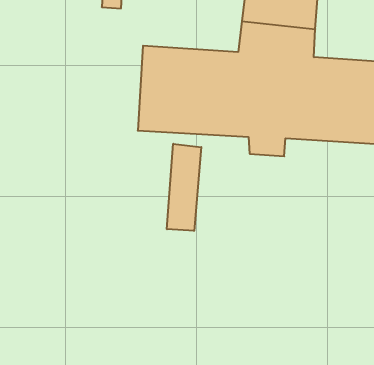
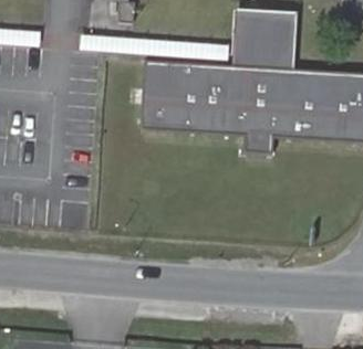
building: [167,144,201,231] -> none

